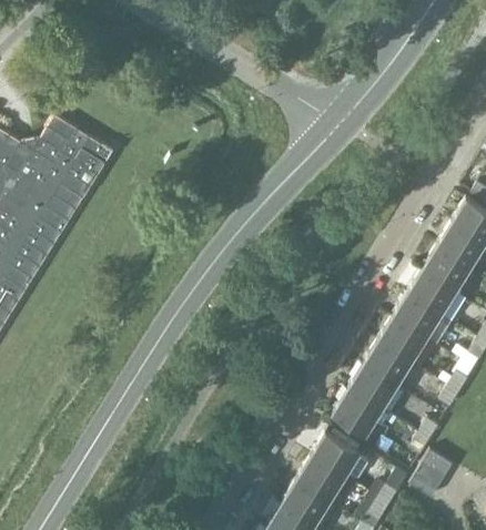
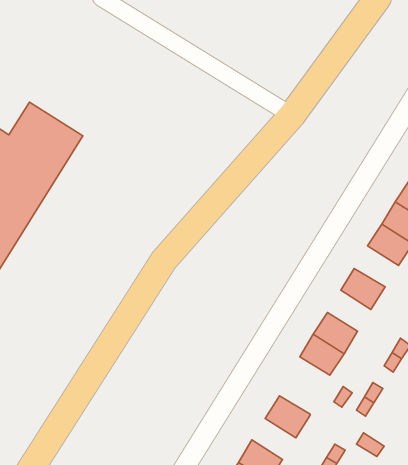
building: [406,272,454,316] -> none
building: [377,319,424,364] -> none
building: [332,391,379,436] -> none
building: [416,451,452,488] -> none
building: [295,458,343,502] -> none

